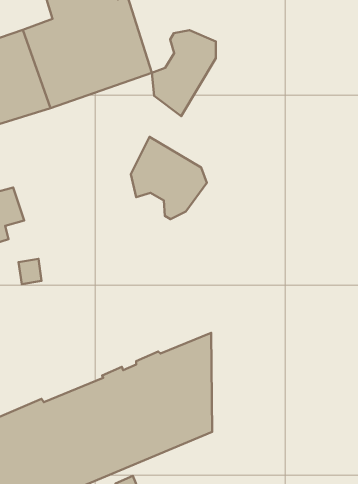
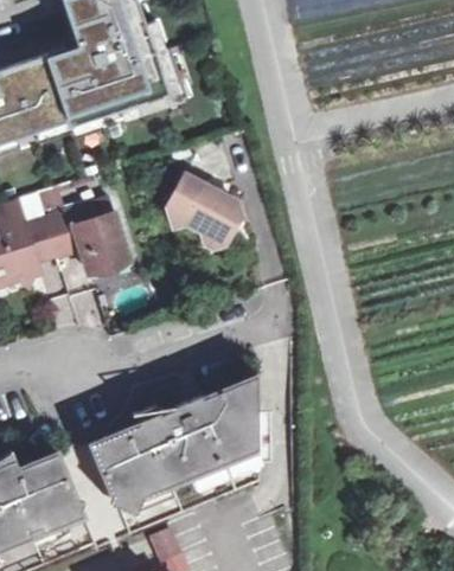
building: [152,30,216,116] -> none
building: none -> [38,197,123,274]

